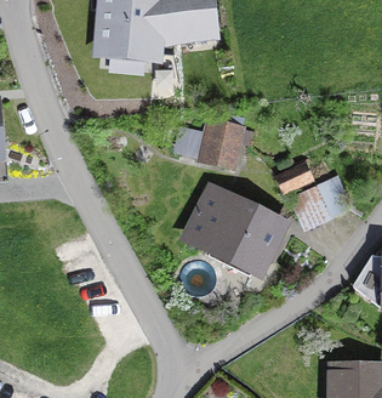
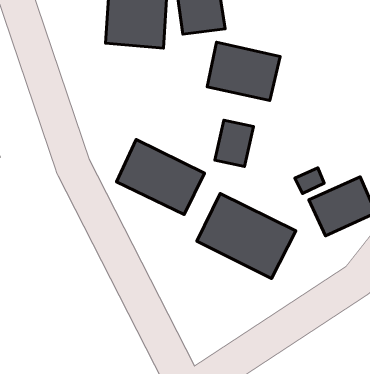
building: none -> [207,42,280,100]
building: none -> [116,140,205,215]

